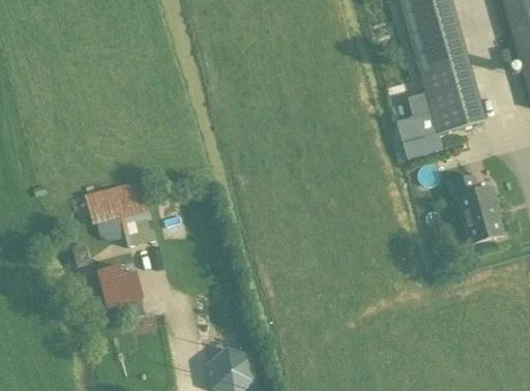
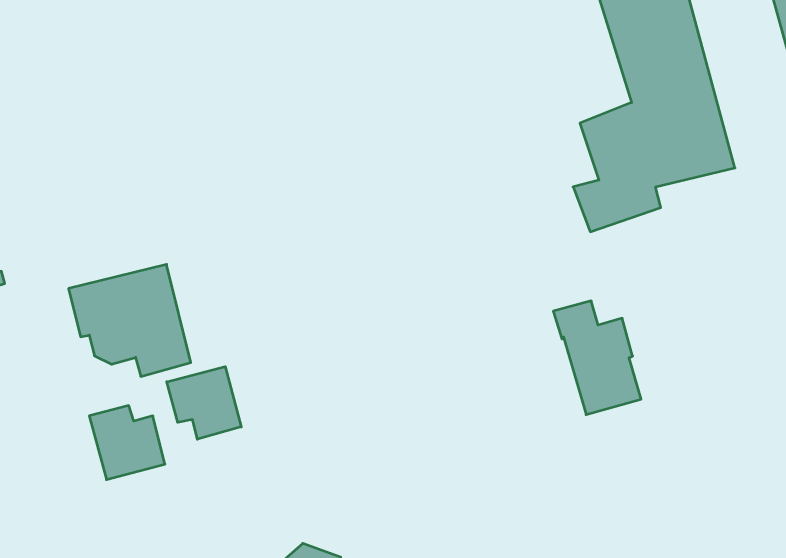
building: [451,175,504,243] -> [553,301,641,415]
building: none -> [167,367,241,439]

